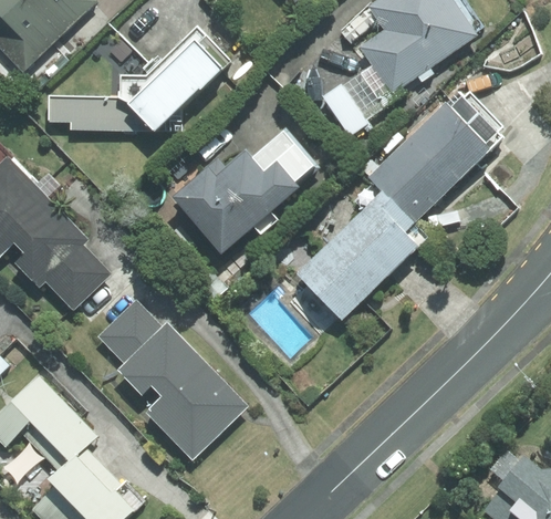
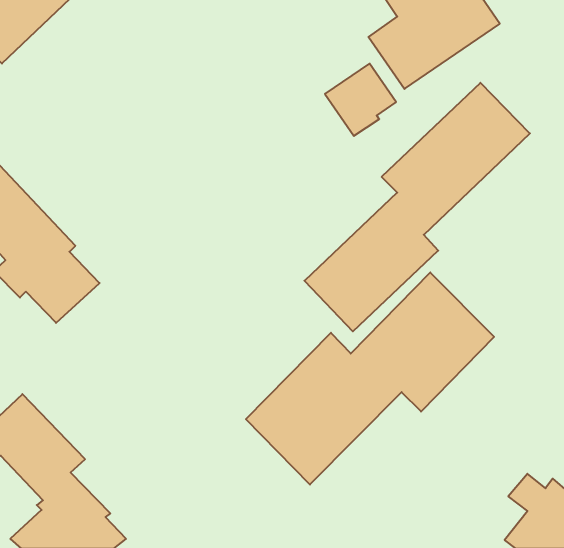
building: [46,38,228,131] -> none
building: [173,128,316,255] -> none
building: none -> [246,272,494,485]
building: [94,298,248,459] -> none

